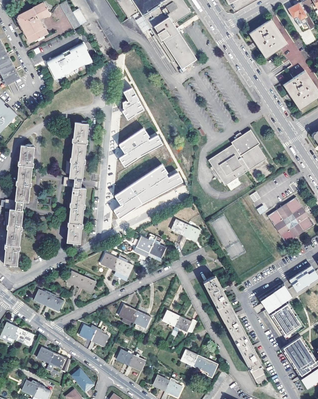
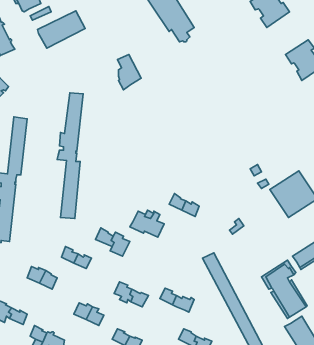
building: [119,127,163,166] -> none
building: [208,129,267,190] -> none
building: [113,164,183,219] -> none

